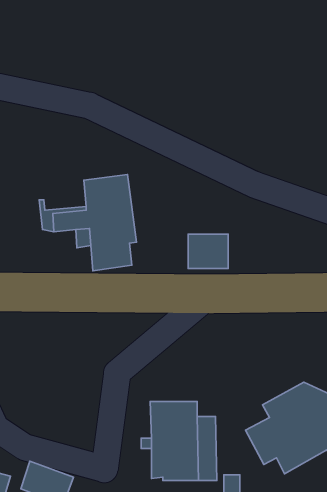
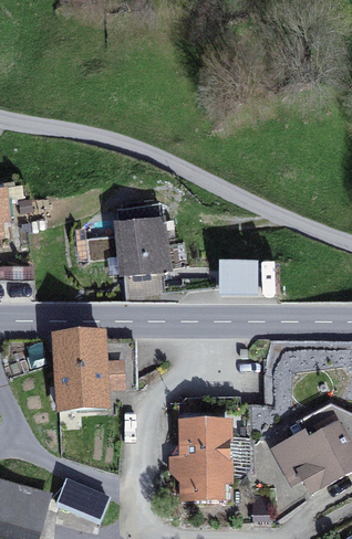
building: none -> [53,335,134,409]

